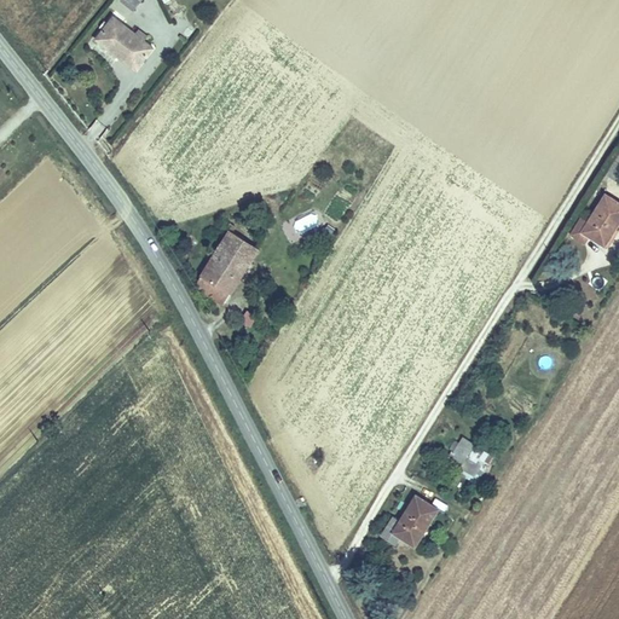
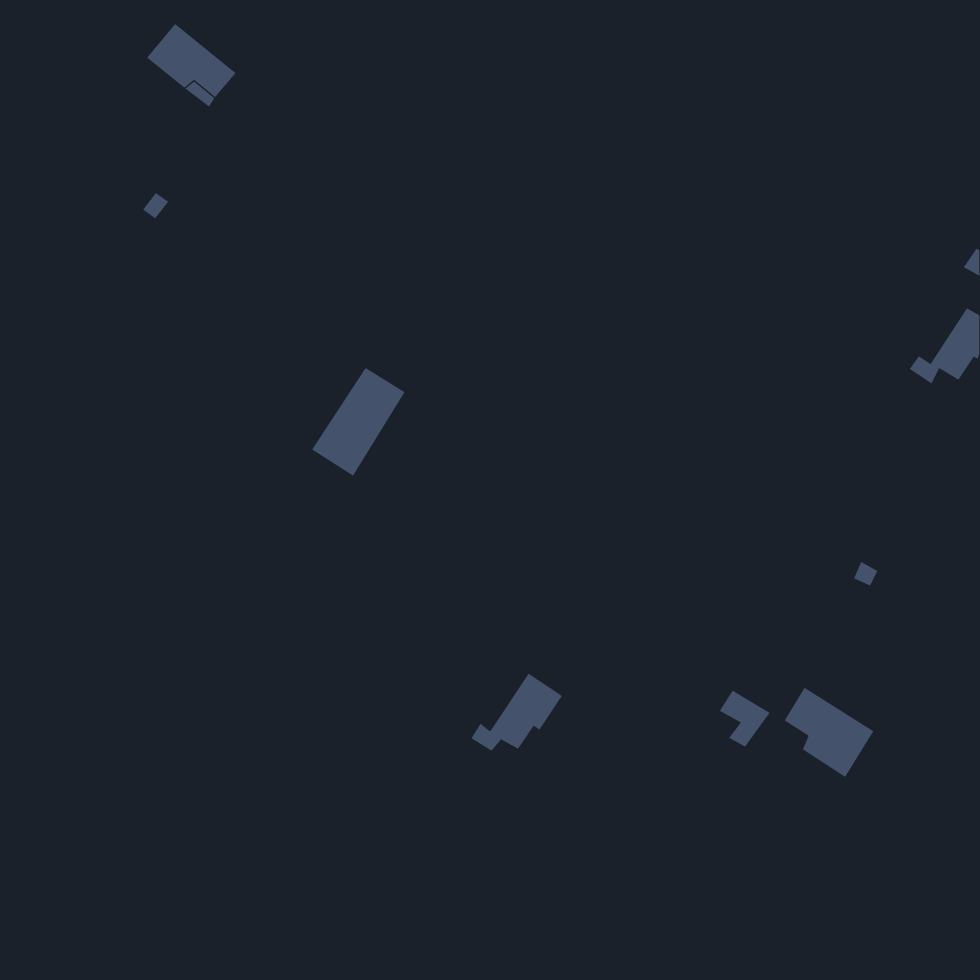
building: none -> [784,687,874,778]
building: [381,494,439,544] -> [471,673,563,752]

